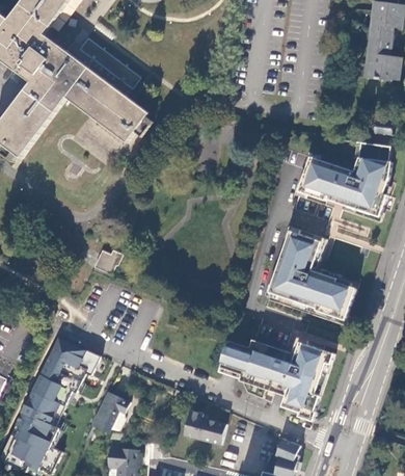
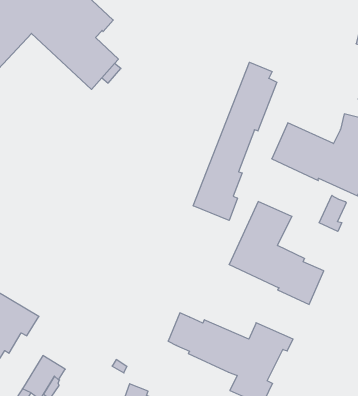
building: none -> [193,62,277,220]
building: none -> [319,195,346,231]
building: [91,248,120,273] -> none

